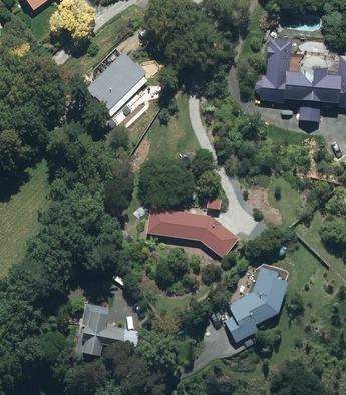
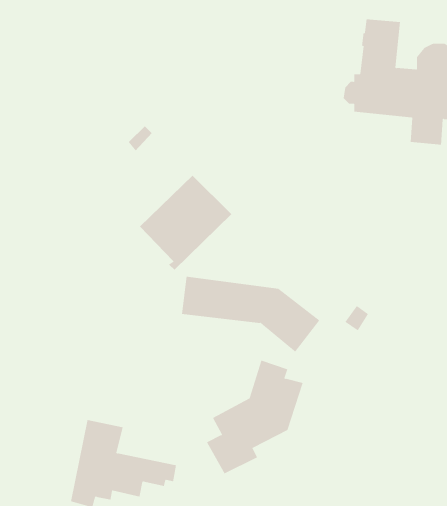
building: [87,53,148,116] -> [139,175,232,271]
building: [225,267,289,342] -> [206,360,304,474]

